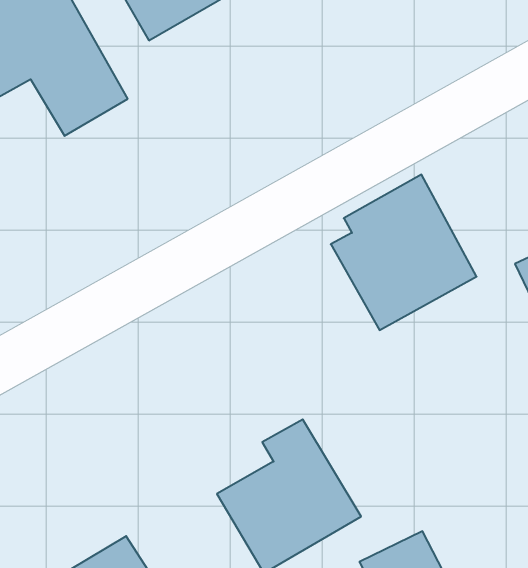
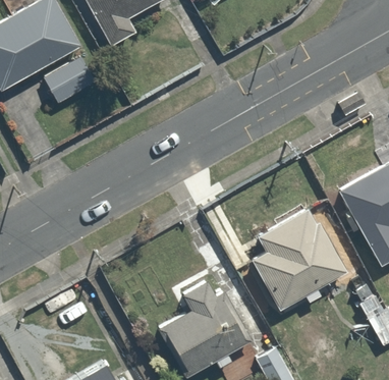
building: [331,175,477,330] -> [249,207,341,305]

